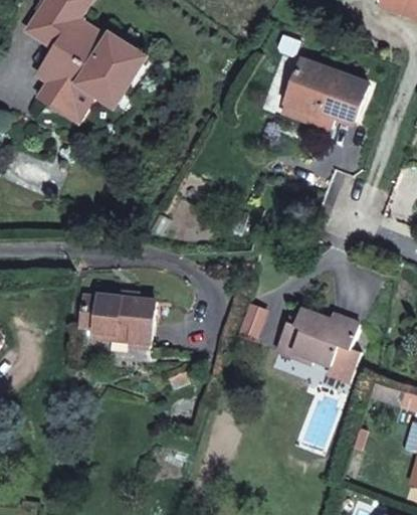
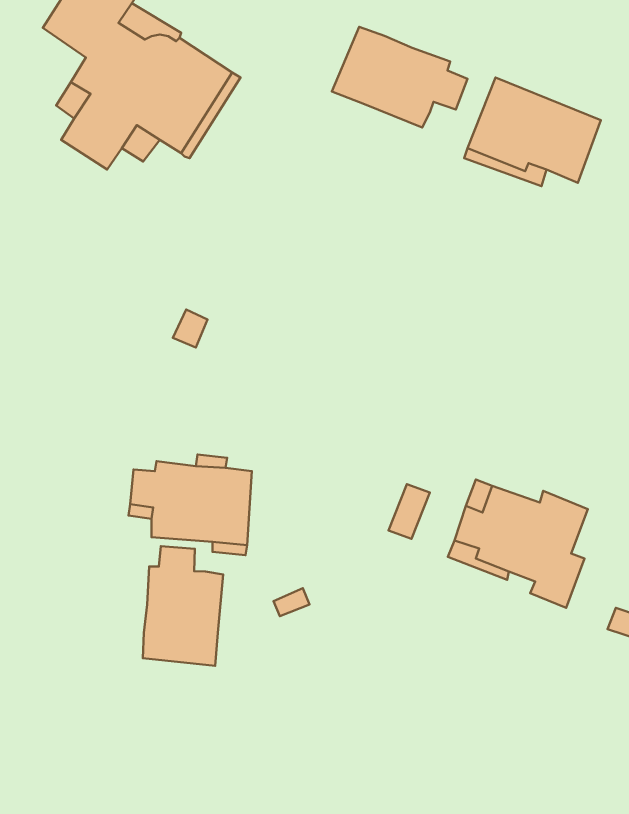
building: none -> [332,27,468,128]
building: none -> [143,546,223,666]

